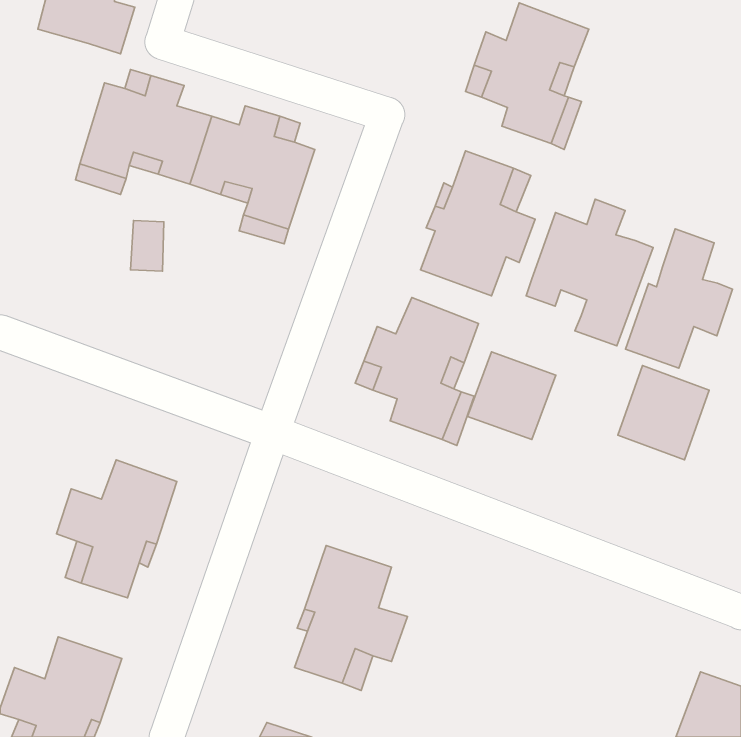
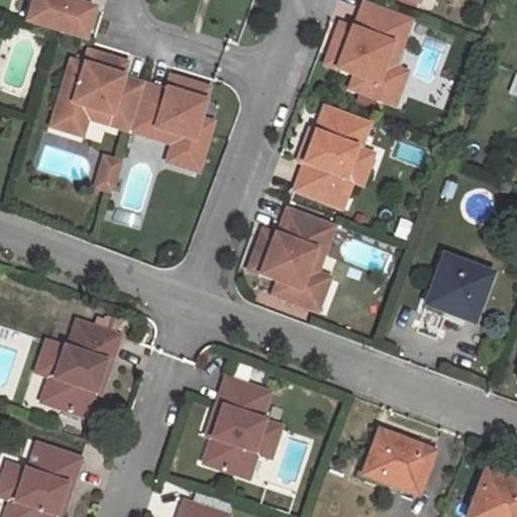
building: [526,199,653,346] -> none
building: [625,229,733,368] -> none
building: [467,352,556,440] -> none
building: none -> [368,429,435,489]

